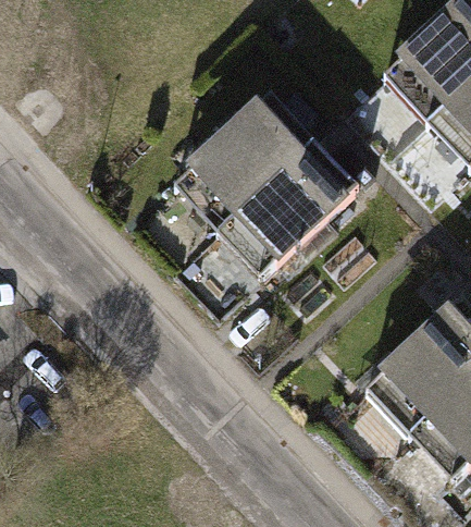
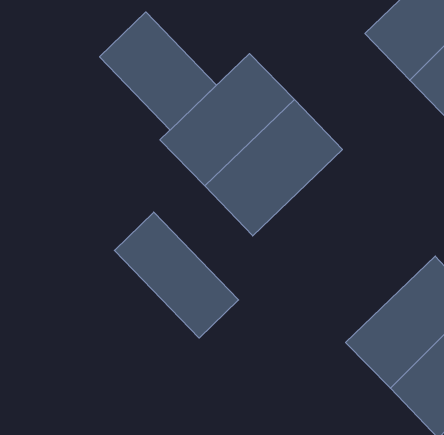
building: none -> [100,12,217,130]
building: none -> [114,212,239,338]

